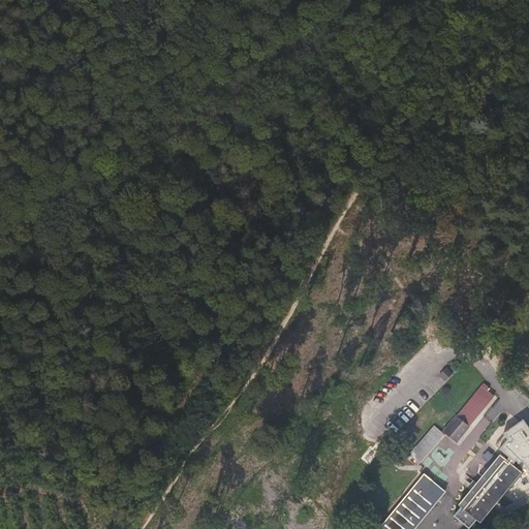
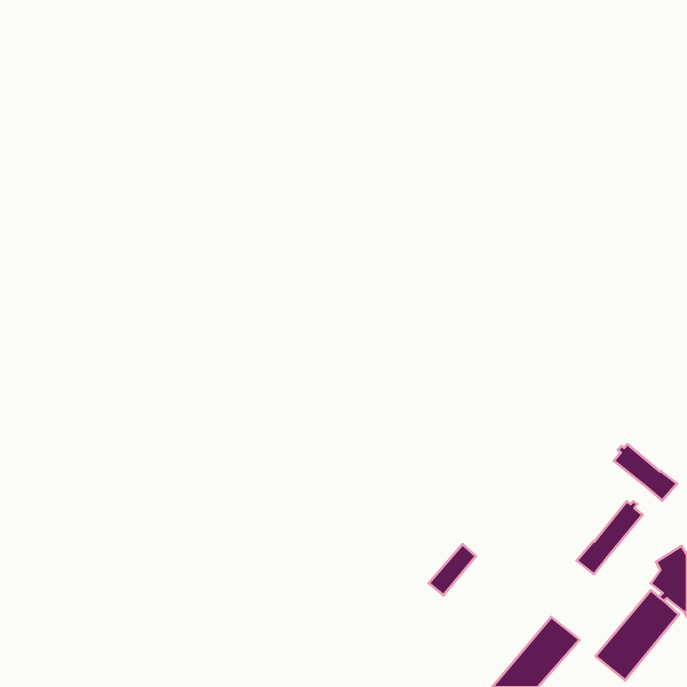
building: none -> [614,444,677,501]
building: [408,425,444,464] -> [429,544,476,595]

